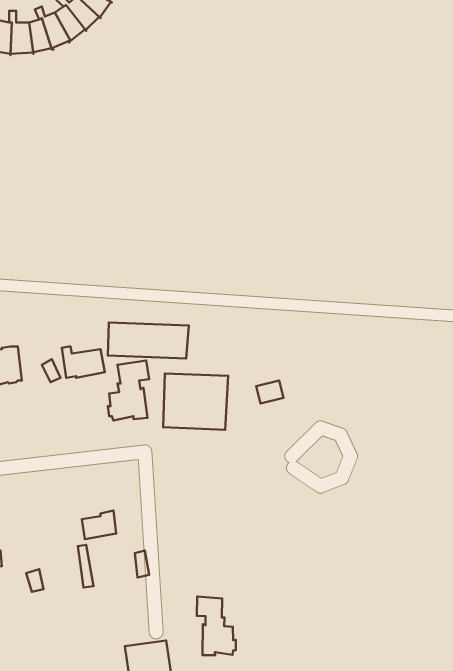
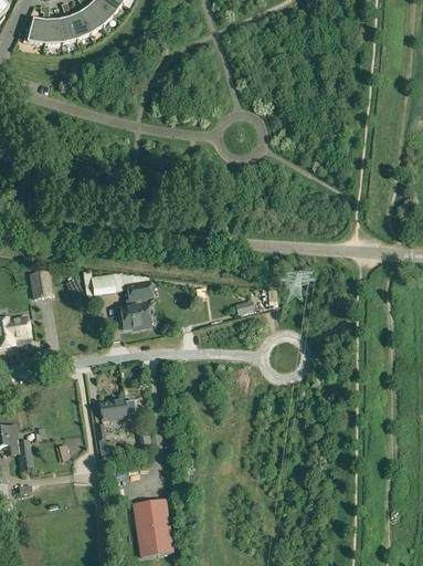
building: [108,323,189,359] -> none
building: [163,374,228,430] -> none
building: [197,597,236,655] -> none

